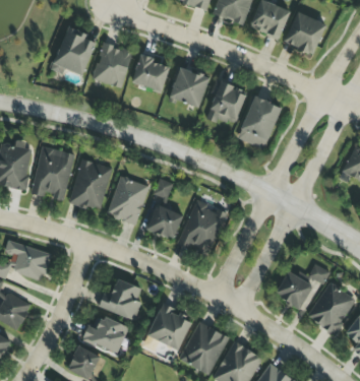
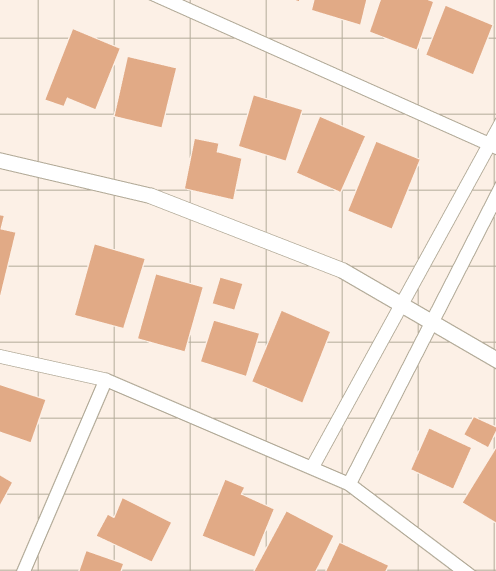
building: [133,54,169,91] -> [184,139,242,200]
building: [32,146,74,201] -> none
building: [99,279,141,320] -> none

